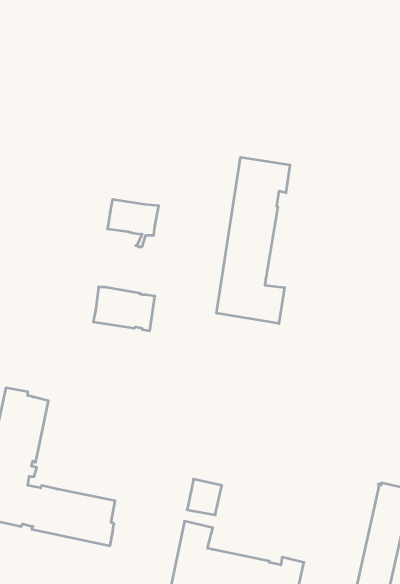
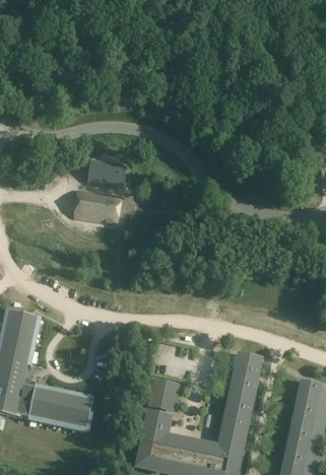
building: [217,157,290,324] -> none
building: [93,287,155,331] -> [73,190,122,224]
building: none -> [222,355,261,436]

